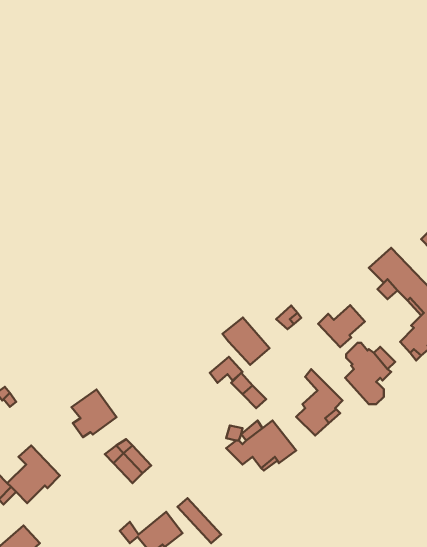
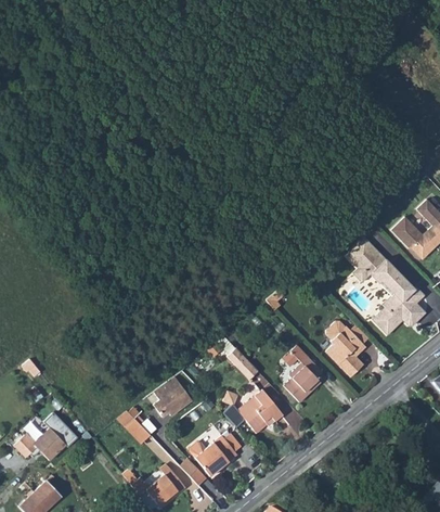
building: [318,305,365,347] -> none
building: [222,317,270,365] -> none
building: [72,390,117,437] -> [153,375,192,417]
building: none -> [189,433,241,475]

